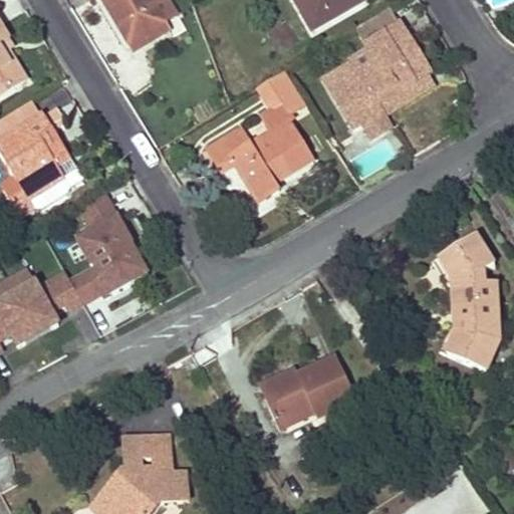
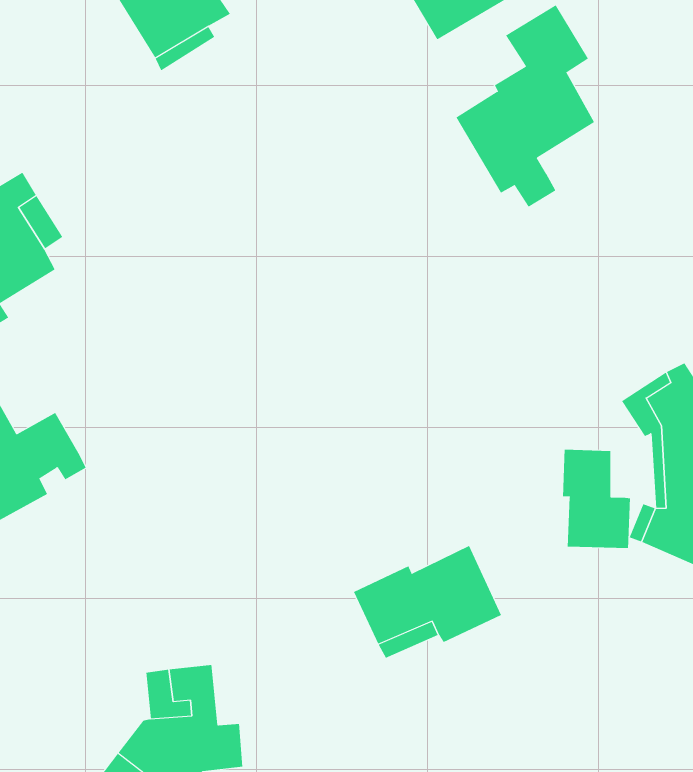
building: [377,39,437,113] -> none
building: [209,67,311,201] -> none
building: [72,189,151,330] -> none
building: none -> [563,449,630,549]

